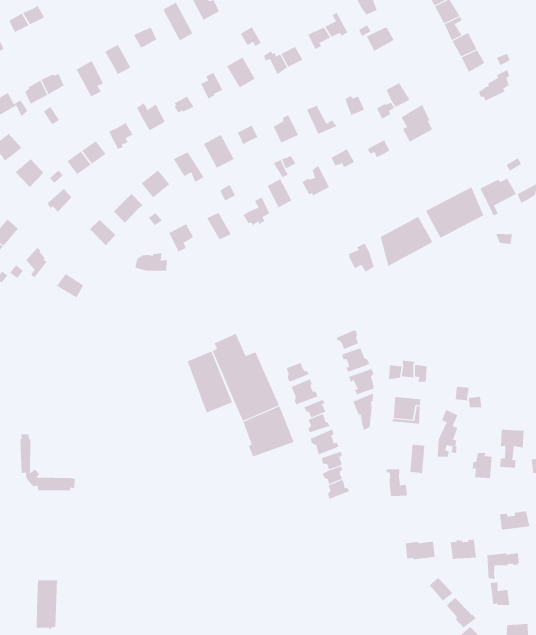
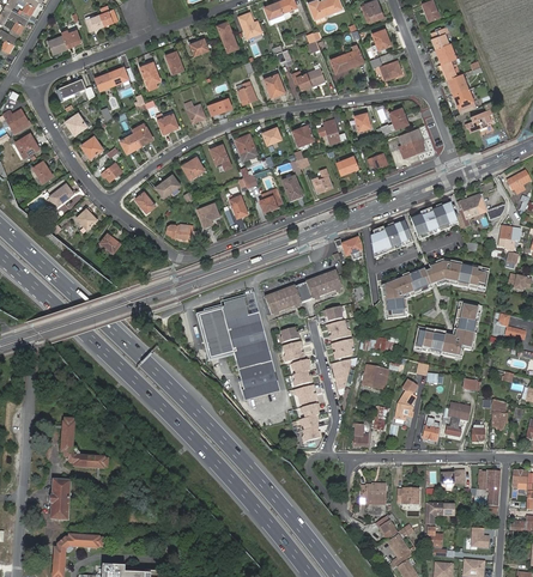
building: none -> [381,261,487,318]
building: none -> [265,269,343,312]
building: none -> [413,303,483,359]
building: [19,434,75,491] -> [61,419,105,470]

